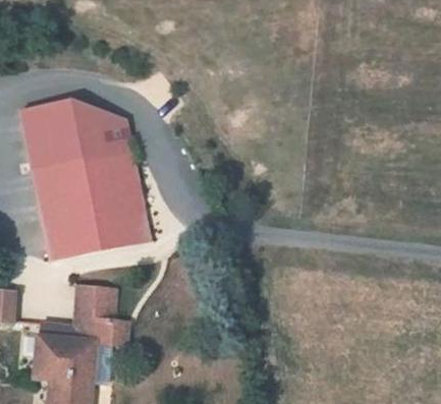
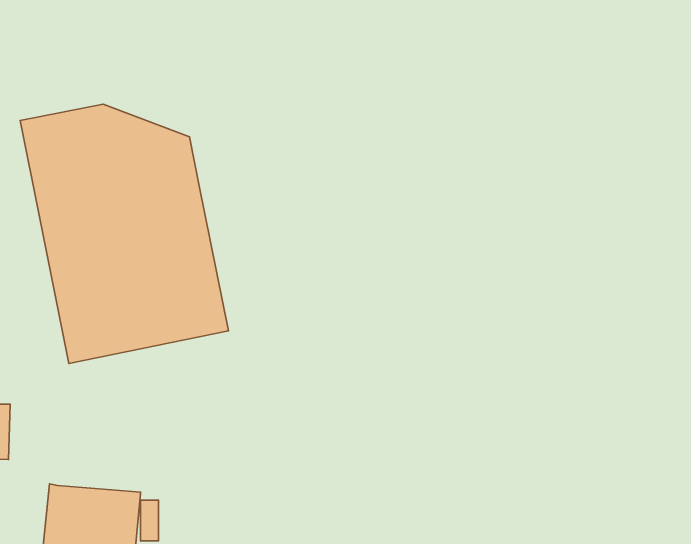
building: [43,286,126,344] -> none

